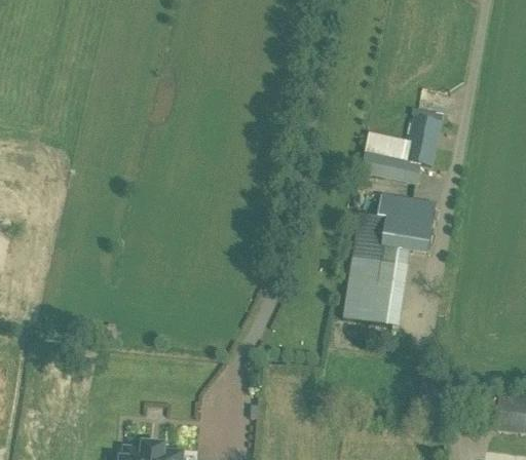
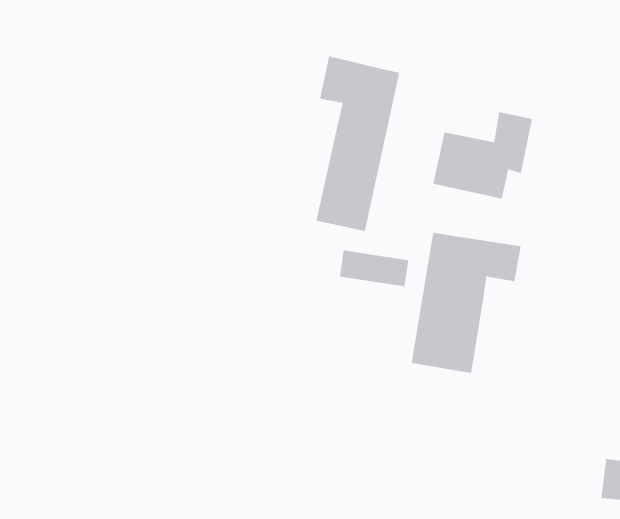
building: none -> [316,56,400,232]
building: [379,194,436,224] -> [339,250,409,287]

